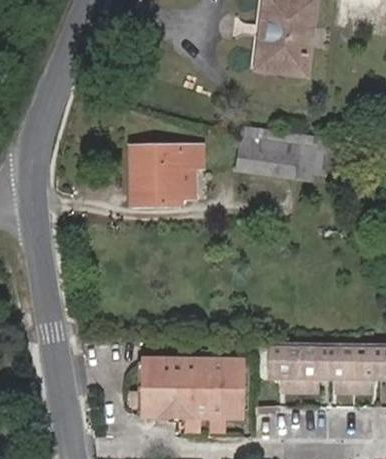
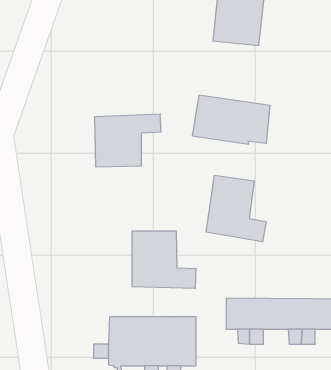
building: none -> [206,175,266,242]
building: none -> [132,231,196,289]

